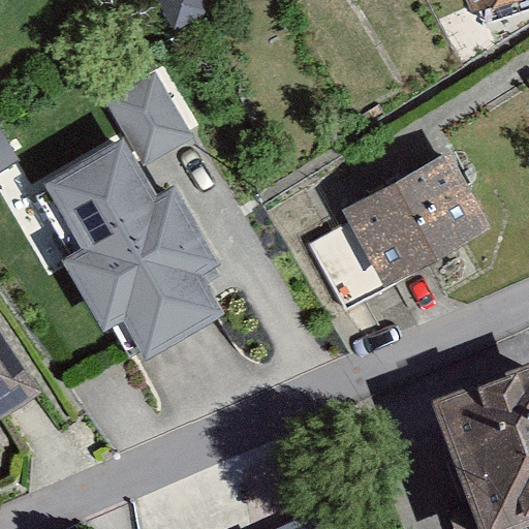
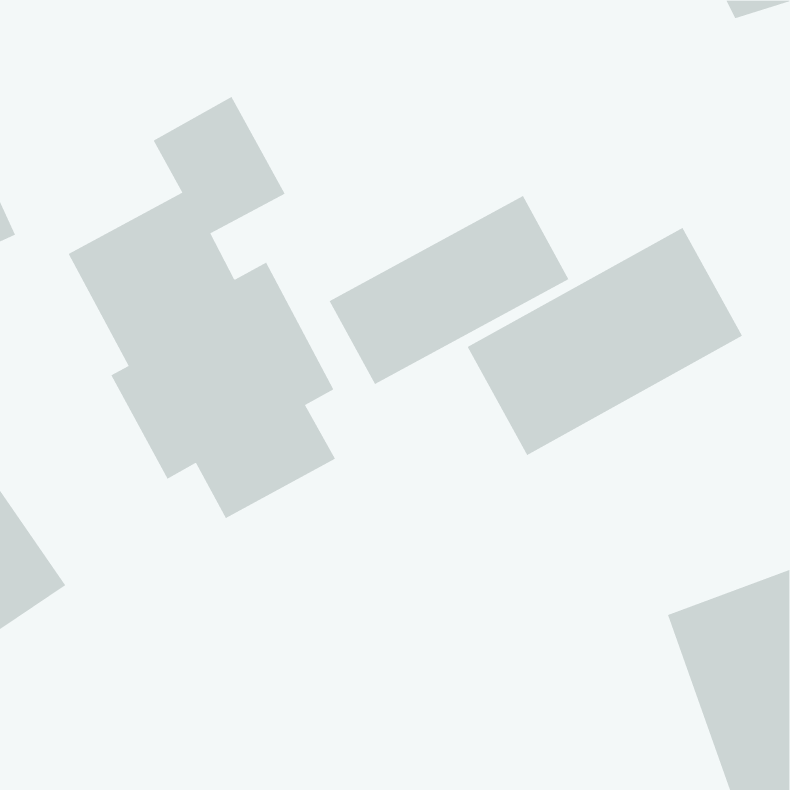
building: none -> [329,195,569,385]

